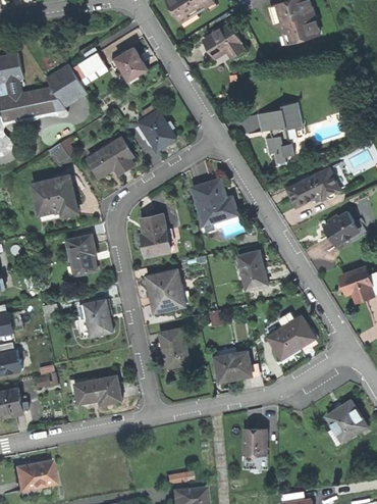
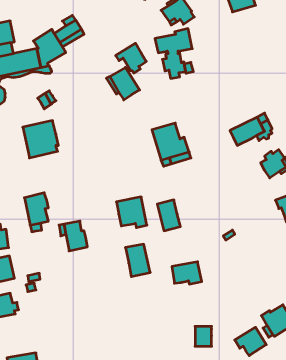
building: [110,46,148,83] -> [116,43,146,73]
building: [257,101,303,162] -> [155,29,192,78]
building: [89,136,134,175] -> none
building: [141,213,170,255] -> none
building: [66,234,96,273] -> [24,193,48,225]
building: [238,250,267,288] -> [157,200,180,231]
building: [268,314,314,357] -> none
building: [74,374,121,404] -> none
building: none -> [235,327,266,356]

